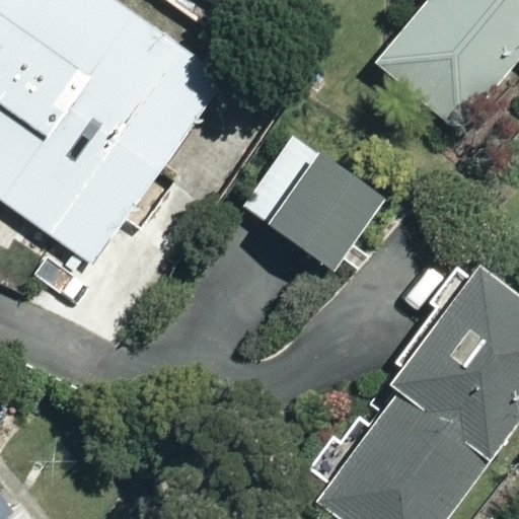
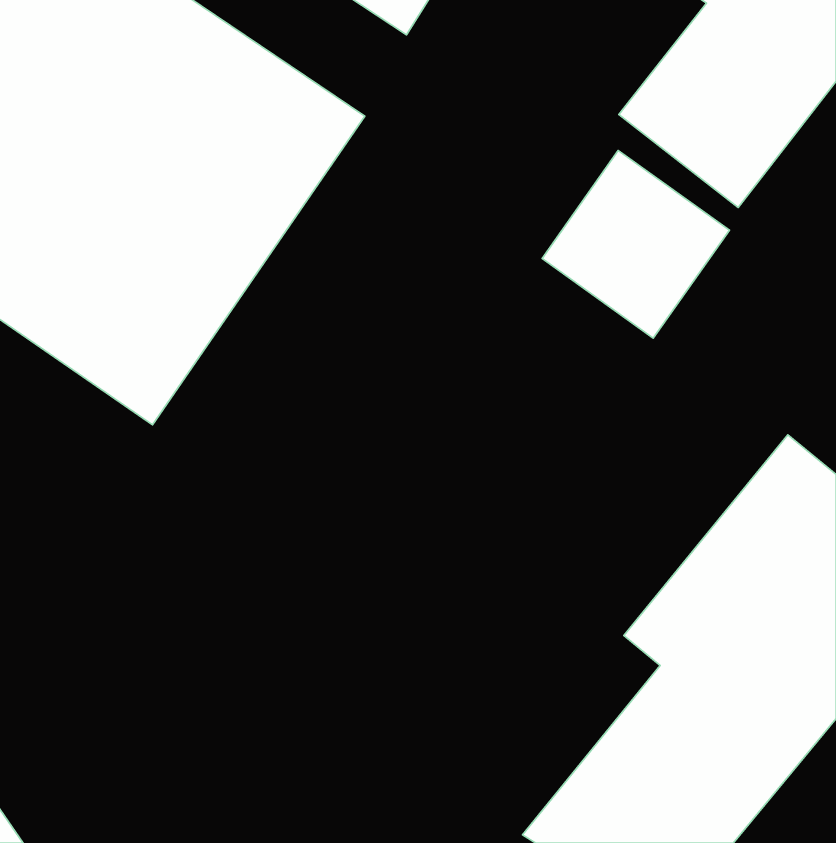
building: [274,161,388,276] -> [542,151,729,338]

